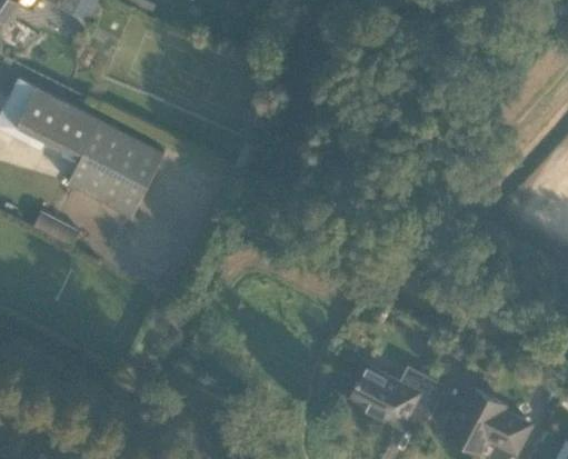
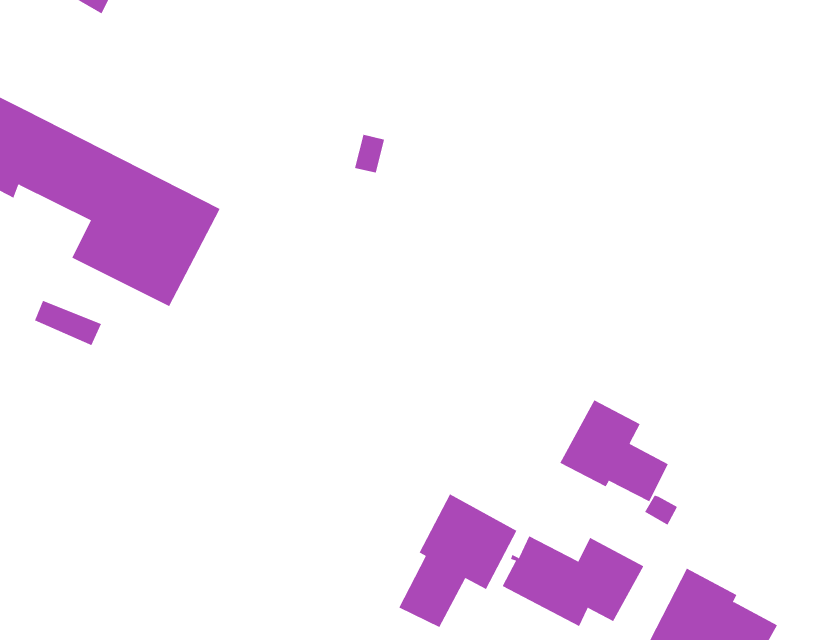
building: none -> [559,400,669,502]
building: none -> [398,493,517,628]

